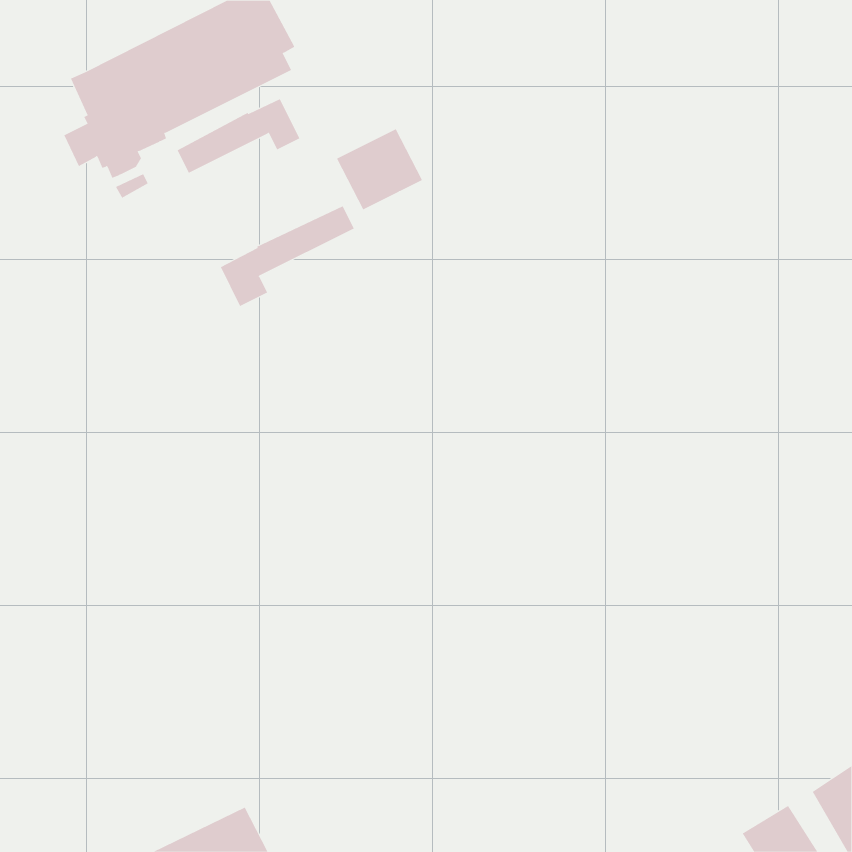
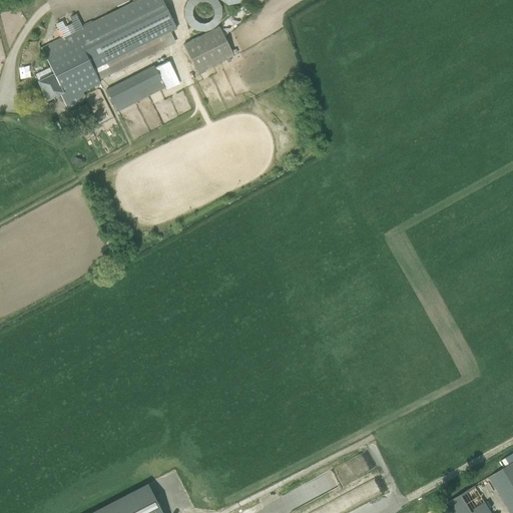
building: [336,128,423,210] -> [182,26,234,75]
building: [220,206,355,307] -> none

